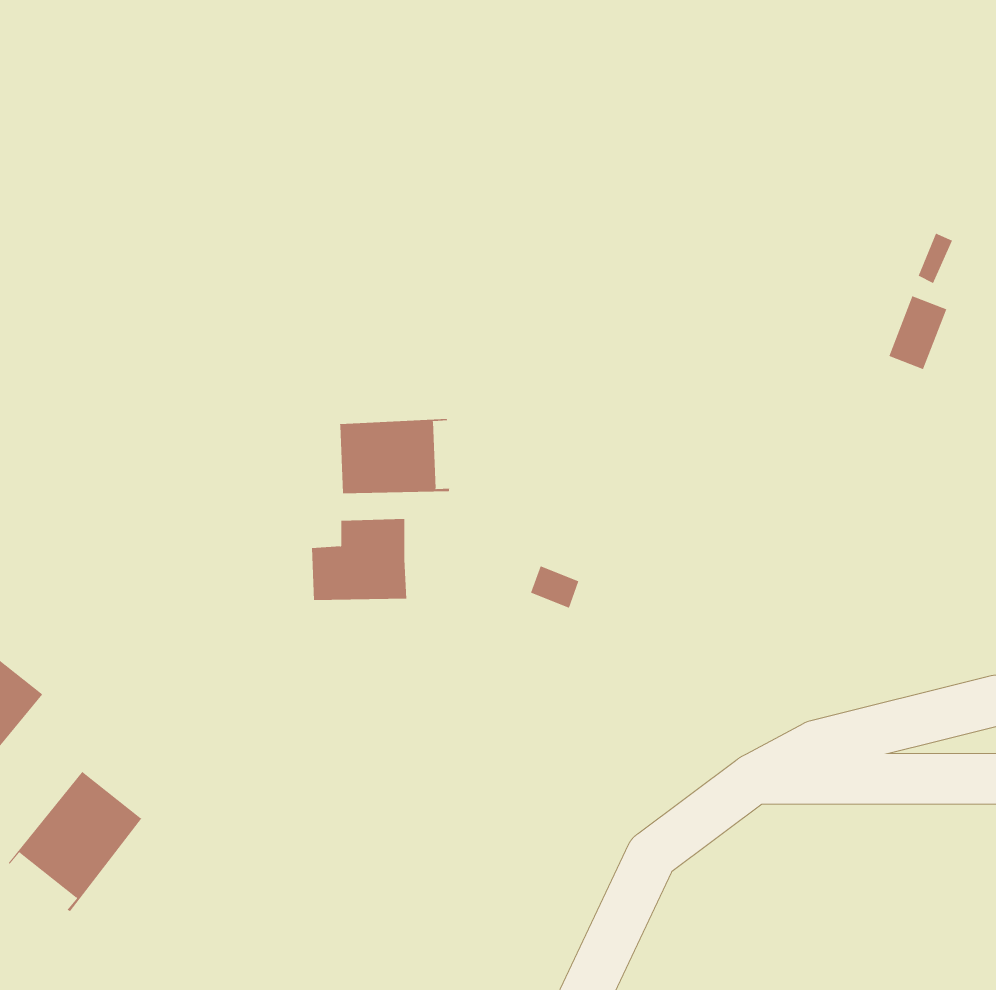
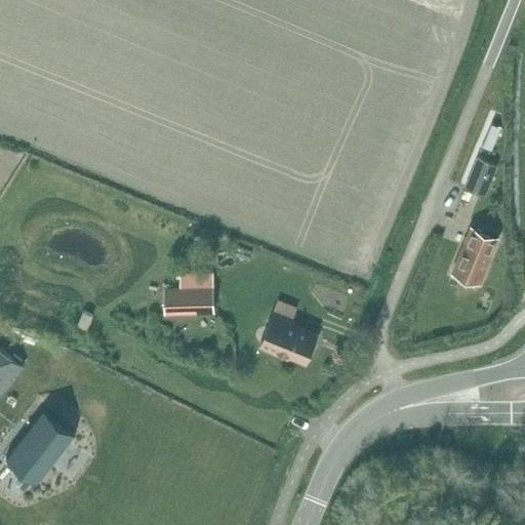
building: [339,418,450,494] -> none
building: none -> [452,231,496,288]
building: none -> [257,316,318,366]

